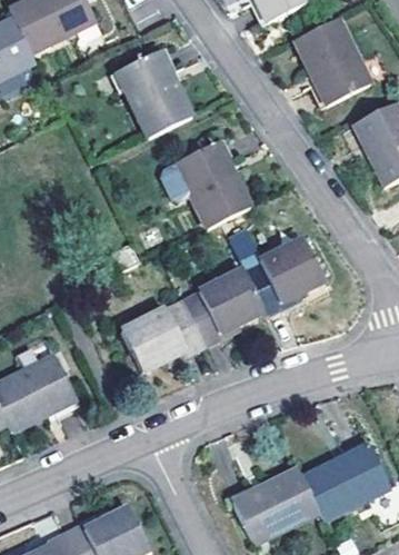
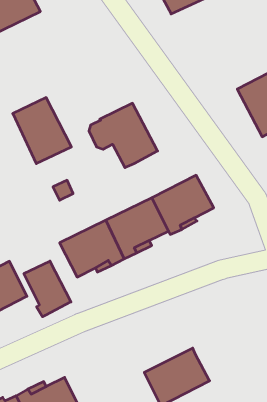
building: [295,19,370,106] -> none
building: [114,50,192,138] -> [13,98,71,164]
building: none -> [24,261,71,317]
building: [300,444,388,519] -> none

